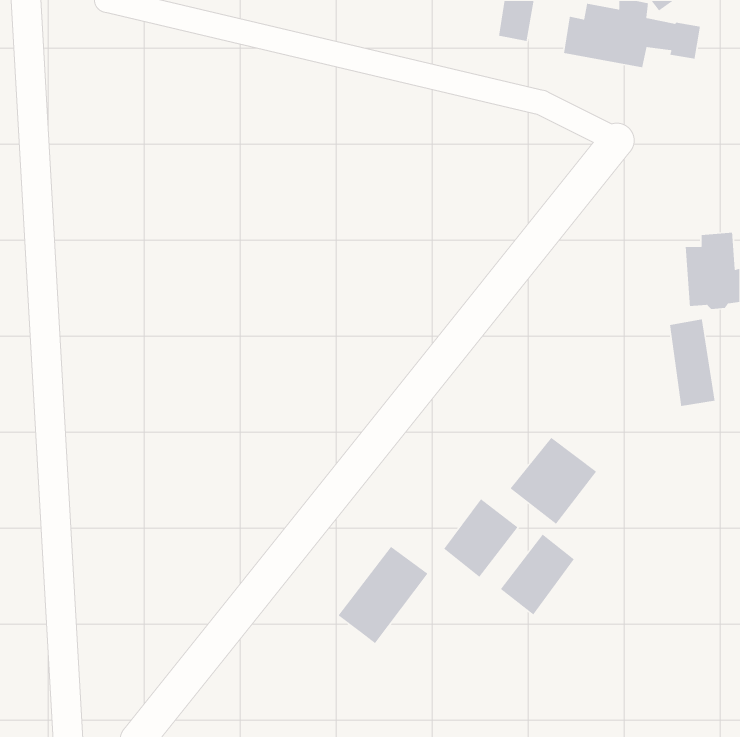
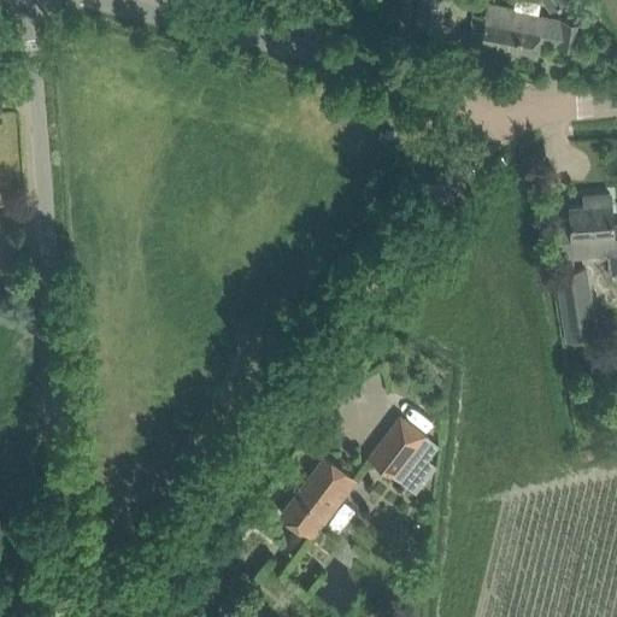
building: [509,437,597,525] -> none
building: [500,534,575,616] -> none

